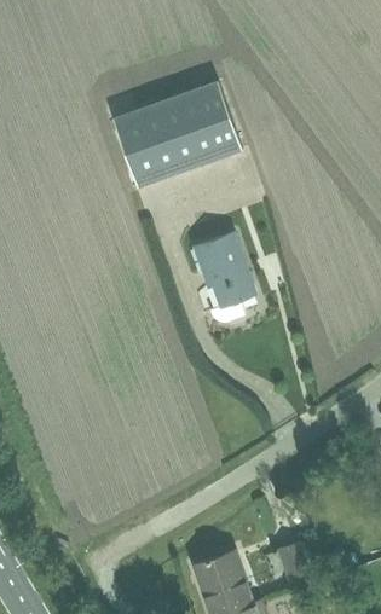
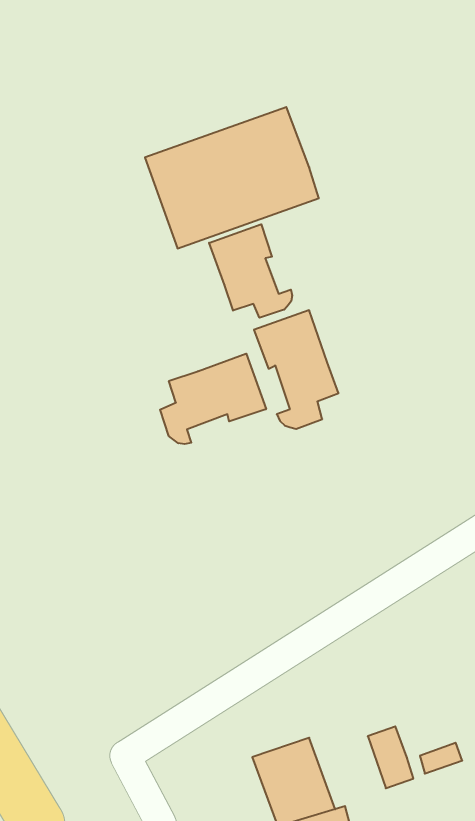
building: none -> [209,224,292,318]
building: none -> [160,354,266,444]

